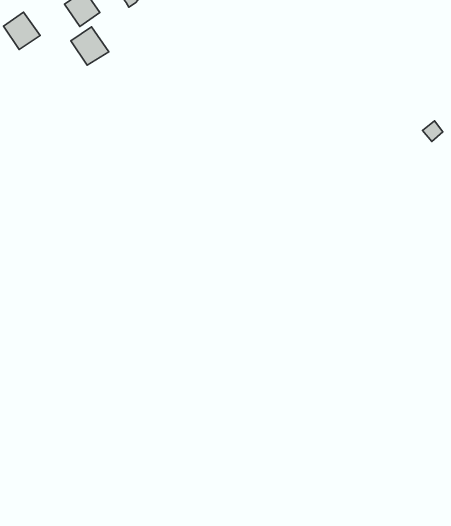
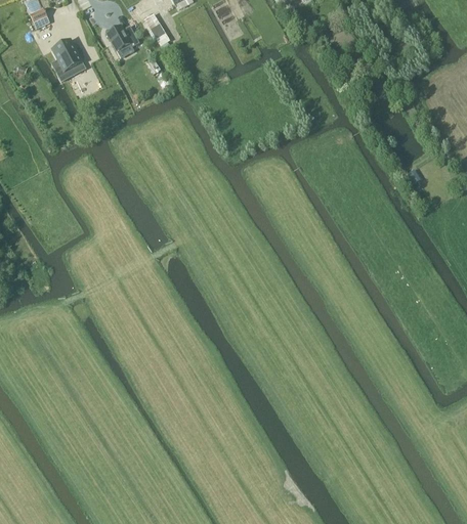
building: [71,27,109,65] -> none

